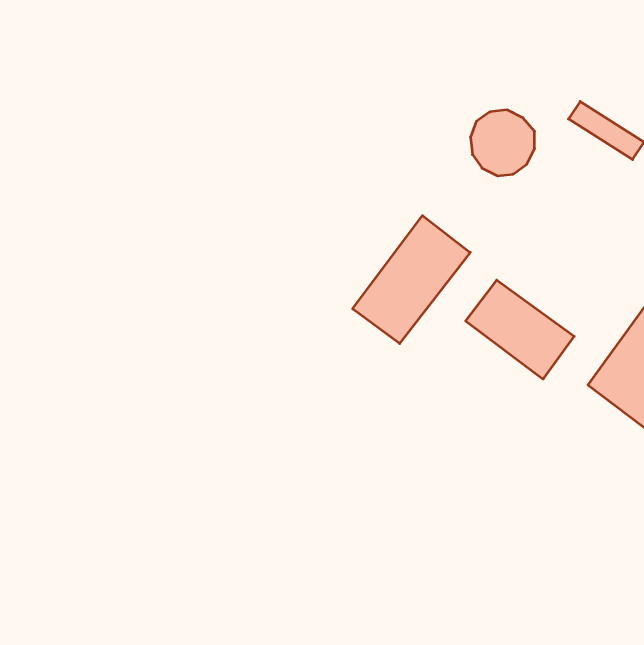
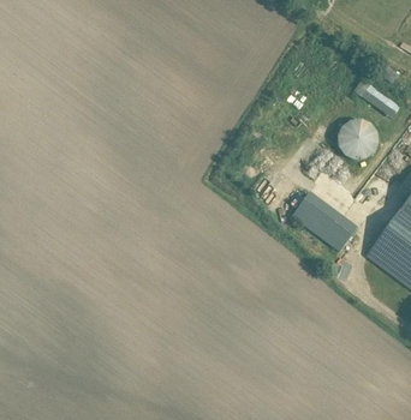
building: [470,110,535,176] -> [338,119,377,160]
building: [353,216,470,344] -> none

